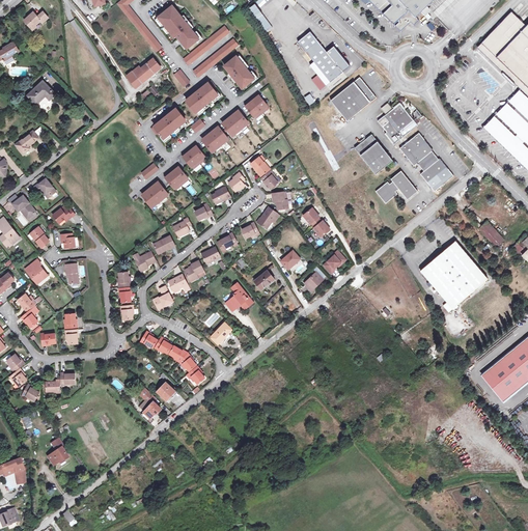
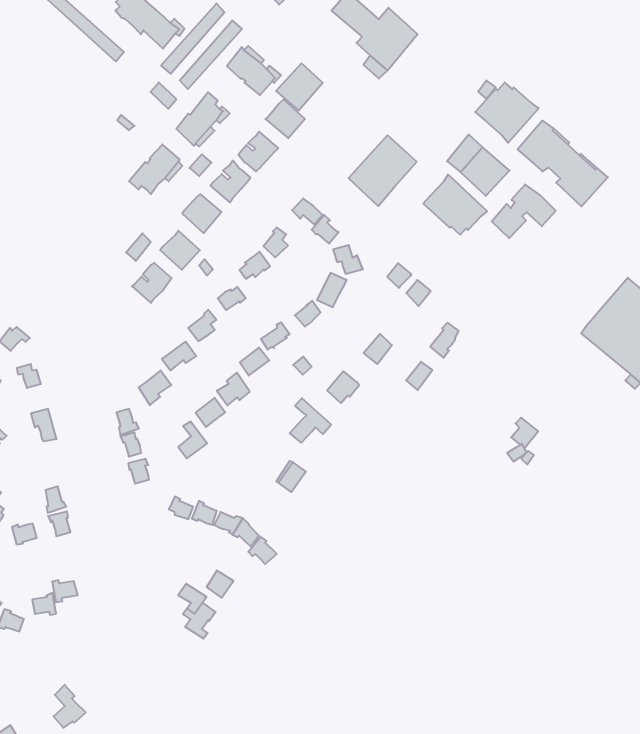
building: [127,57,161,86] -> none
building: none -> [276,63,323,111]
building: [330,78,374,121] -> [349,135,417,206]
building: none -> [423,175,487,235]

